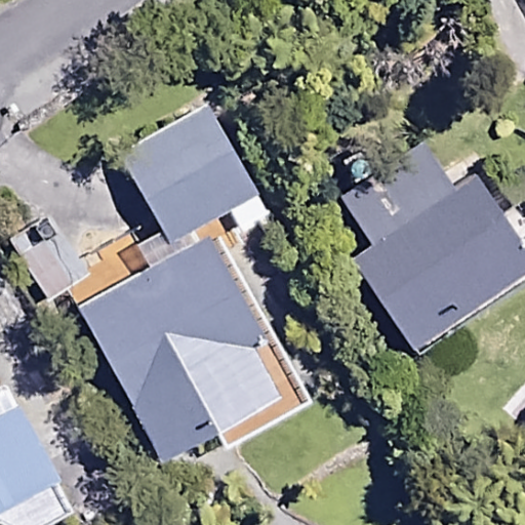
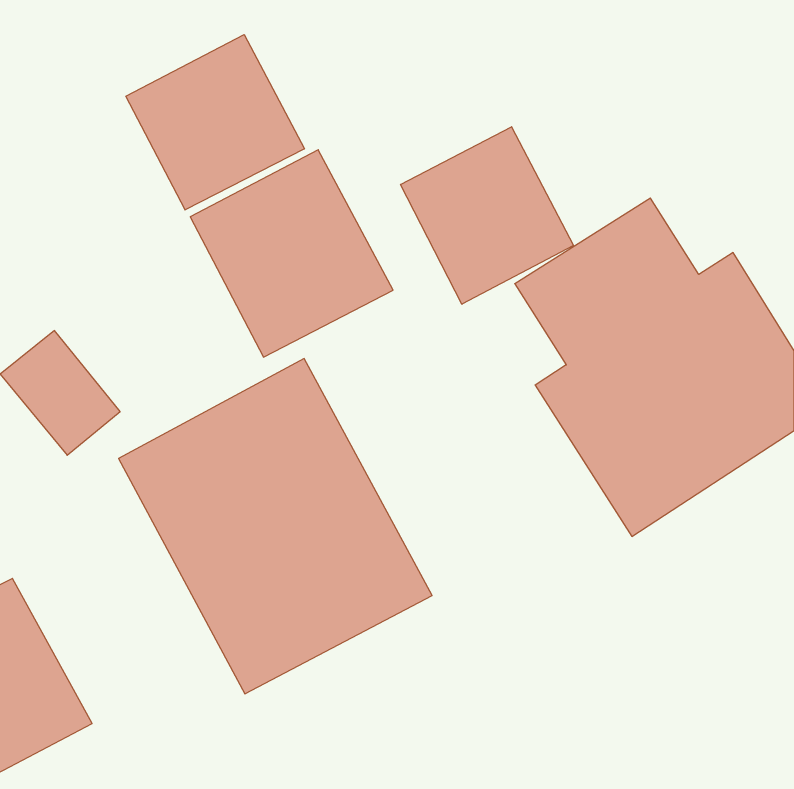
building: none -> [126,35,304,210]
building: none -> [401,127,574,304]

